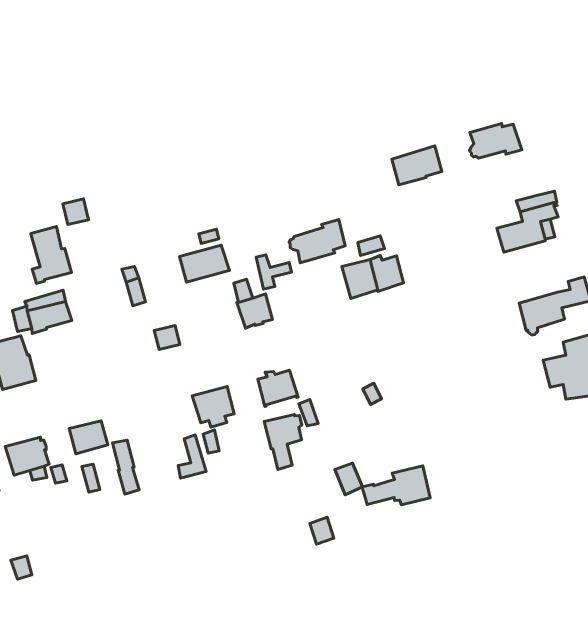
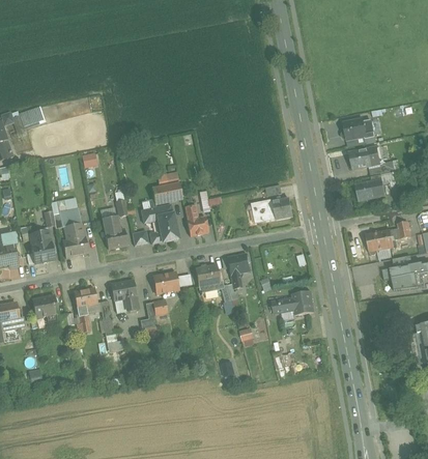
building: [392,146,442,185] -> [348,146,379,169]
building: [289,220,345,263] -> none
building: [31,226,72,284] -> [62,222,87,257]
building: none -> [140,203,177,242]
building: none -> [102,216,126,248]
building: none -> [111,279,137,311]
building: [264,414,302,470] -> [226,254,250,288]
building: [362,466,430,505] -> [272,290,314,314]

